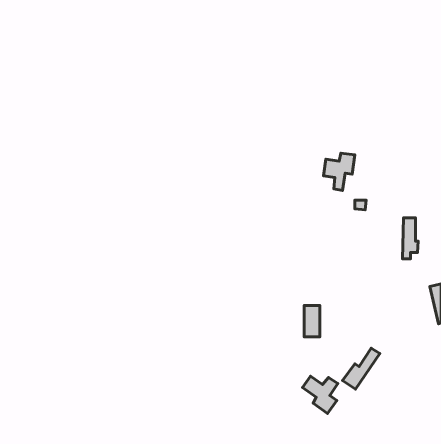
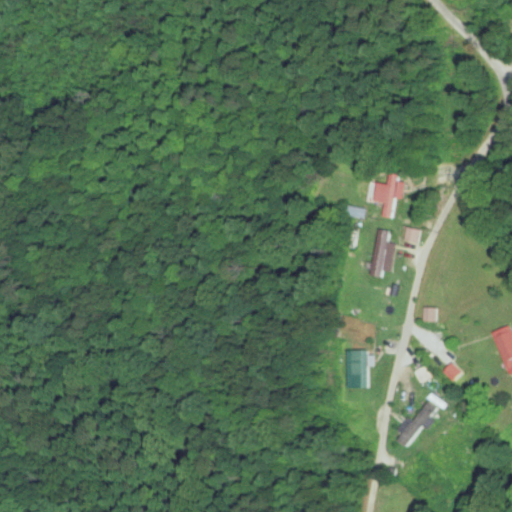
building: [403,218,418,259] -> [374,230,392,277]
building: [303,376,338,413] -> none

